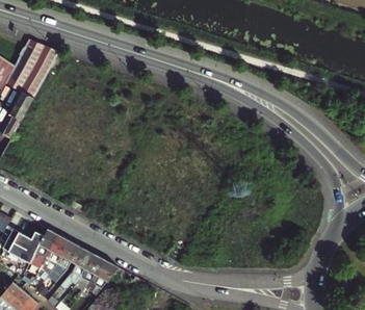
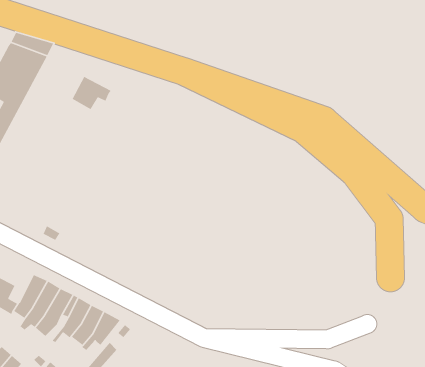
building: none -> [71,76,112,110]

